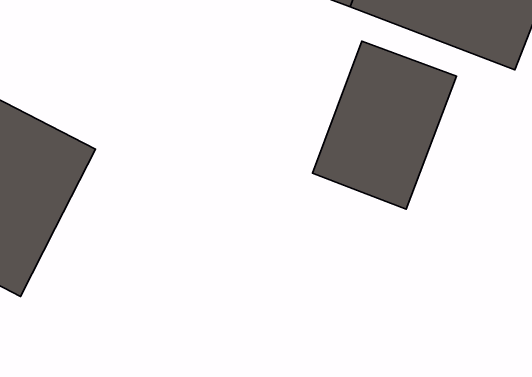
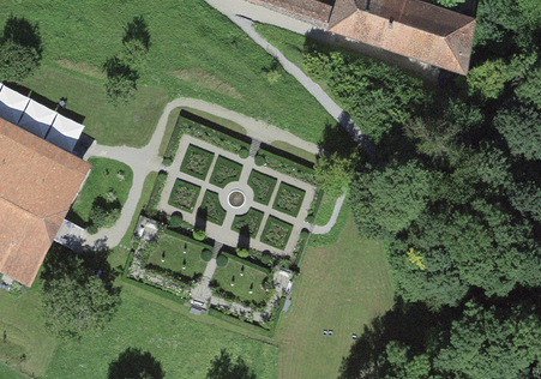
building: [312,41,456,209] -> none

